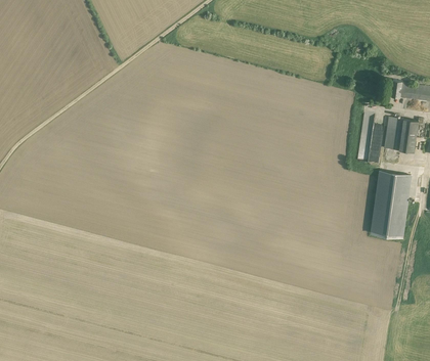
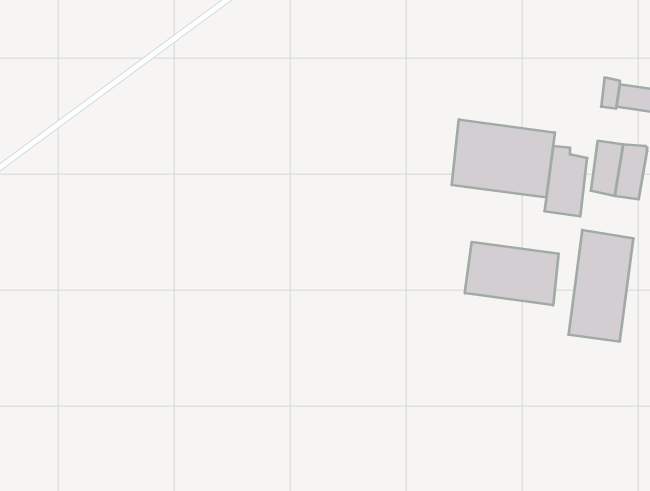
building: none -> [452,119,555,197]
building: none -> [465,242,559,305]

